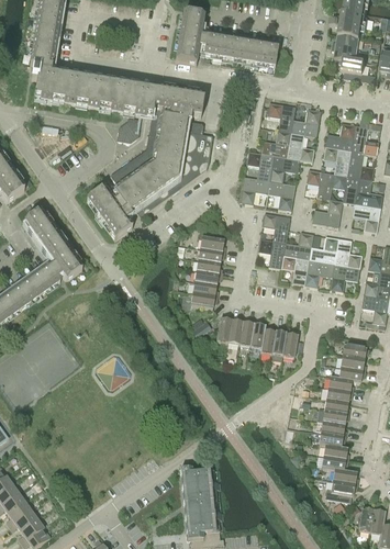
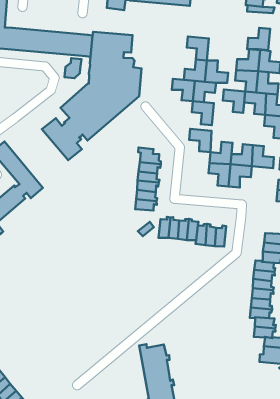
building: [290,107,320,134] -> [247,28,270,50]
building: [239,175,269,202] -> none
building: [312,197,342,225] -> none
building: [257,236,286,266] -> none
building: [330,261,359,290] -> none

